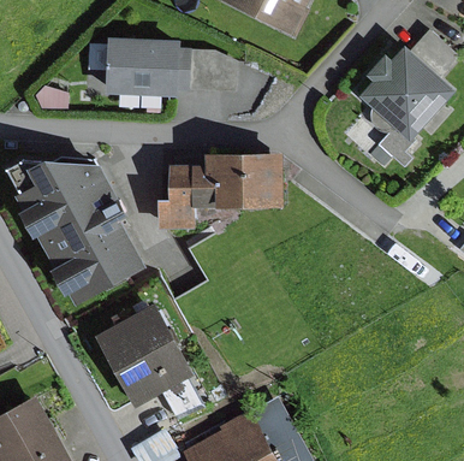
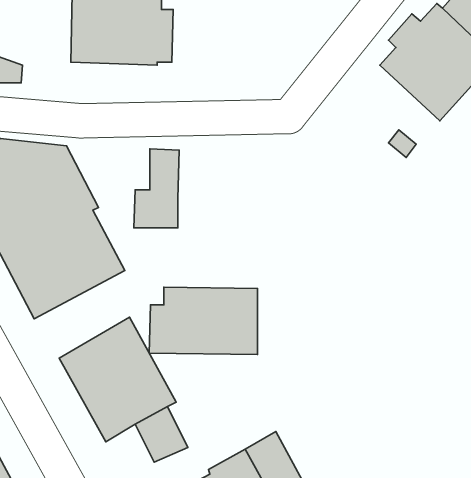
building: [188,49,234,94] -> none
building: [192,150,281,206] -> [149,287,257,355]

